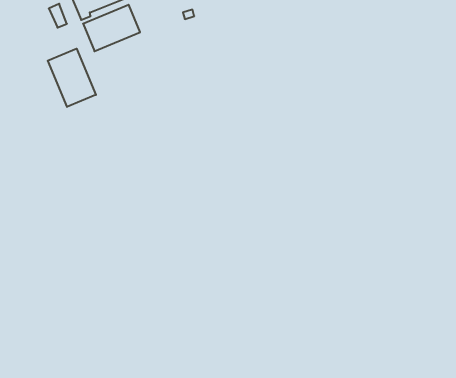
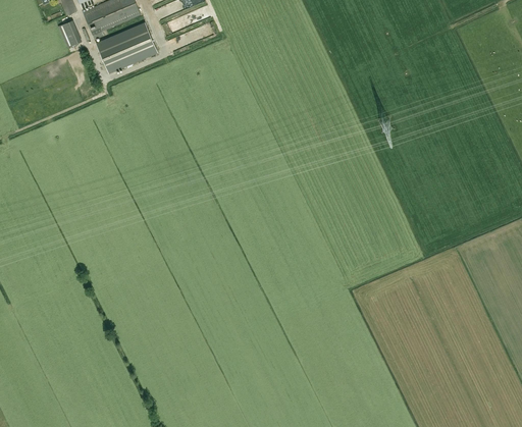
building: [48,49,96,107] -> none

